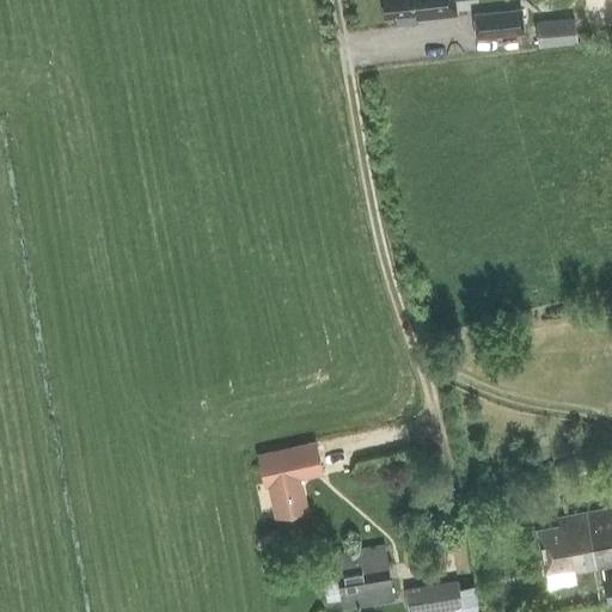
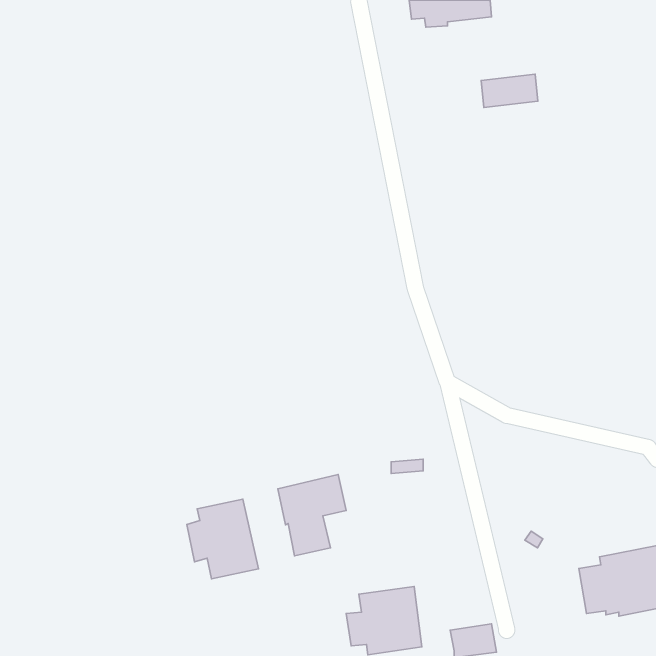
building: [473,10,526,41] -> [481,74,538,108]
building: [537,18,579,48] -> none
building: none -> [187,499,259,579]

